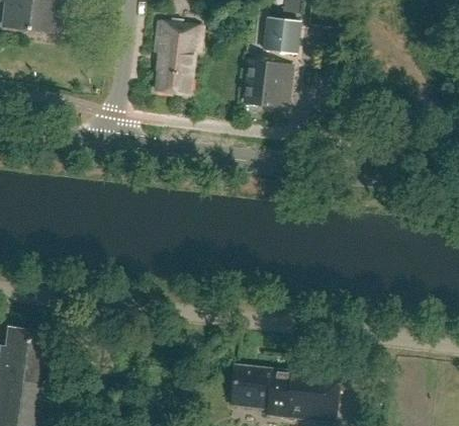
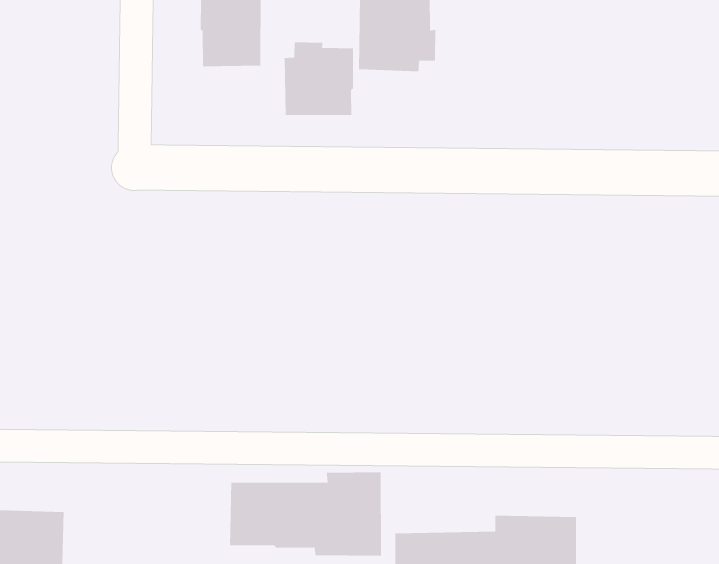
building: none -> [284,42,354,116]
building: none -> [229,472,382,557]

